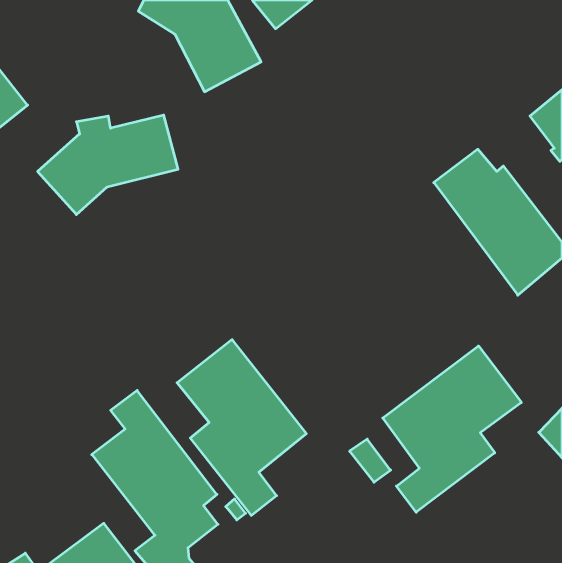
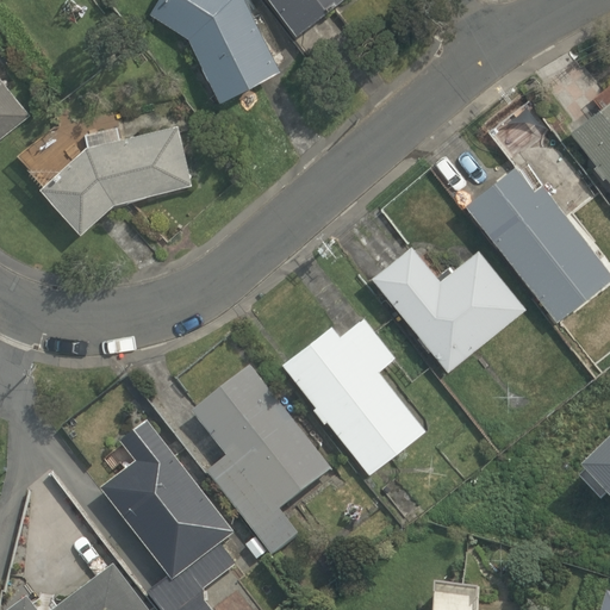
building: none -> [372,243,527,369]
building: none -> [282,317,425,474]
building: [383,346,521,512] -> none

